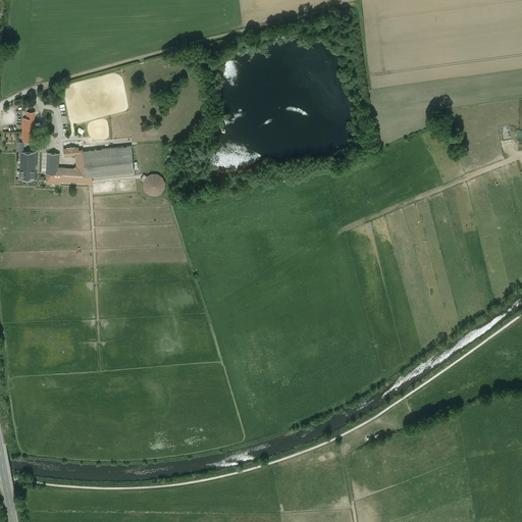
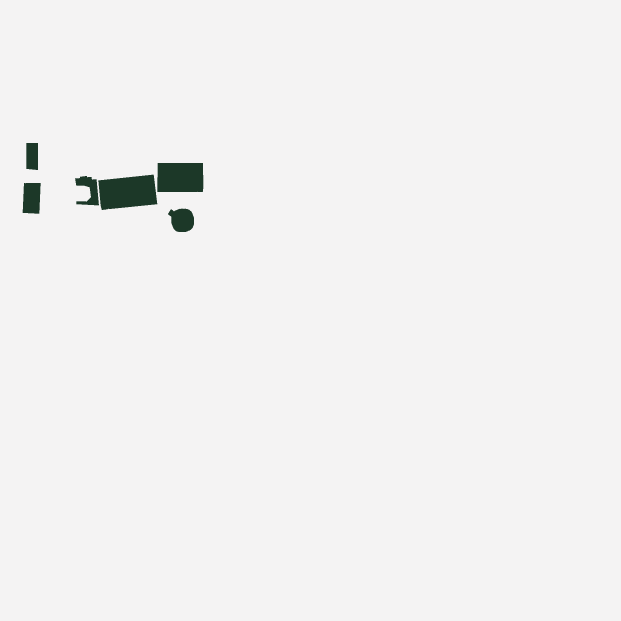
building: none -> [157,162,204,193]
building: [45,154,92,186] -> none

